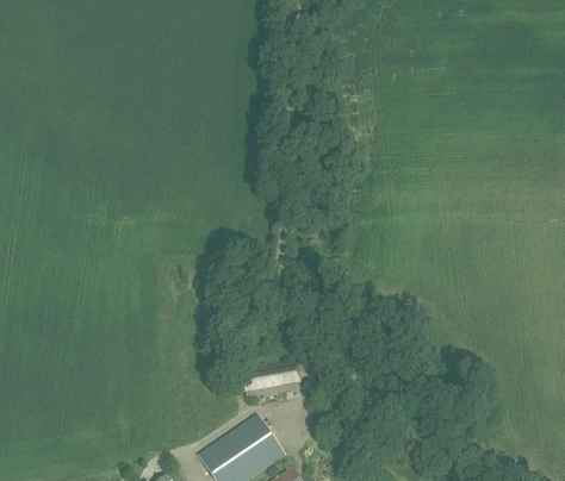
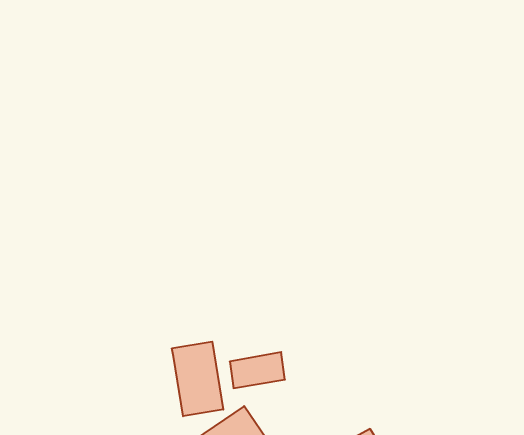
building: none -> [172,342,223,416]

